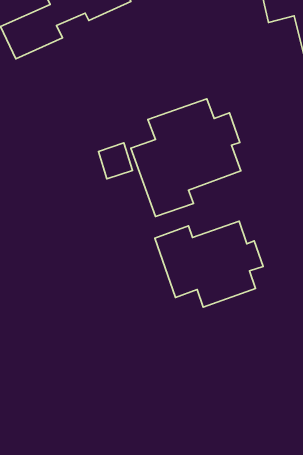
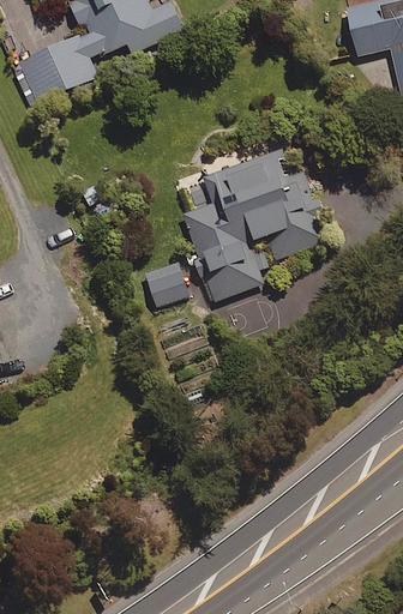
building: [98,143,133,179] -> [145,263,188,308]
building: [155,221,263,307] -> none

